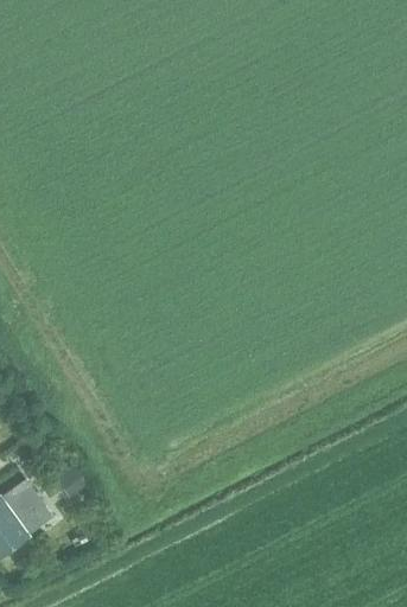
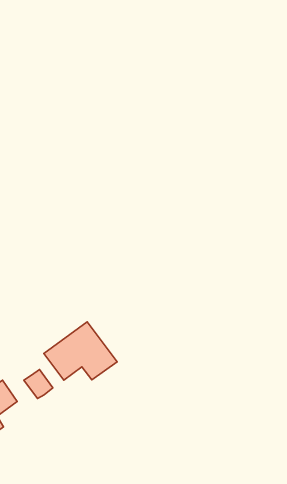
building: none -> [44,322,117,380]

